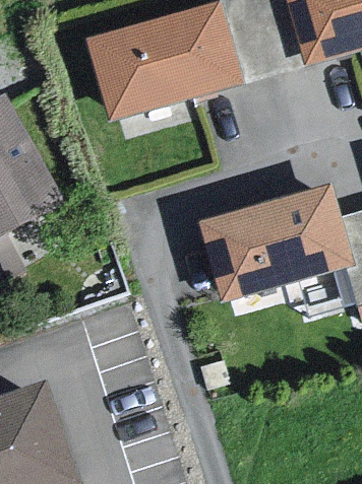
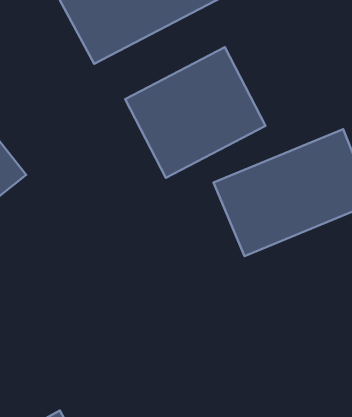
building: none -> [125,47,265,178]

